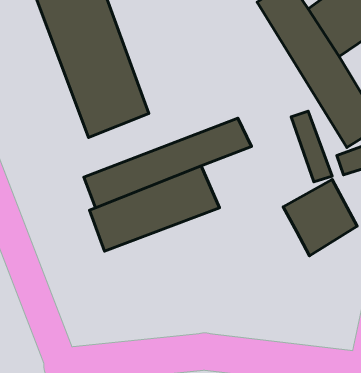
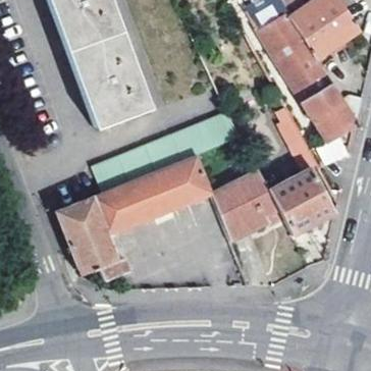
building: none -> [212,171,281,242]
building: none -> [56,196,128,279]

